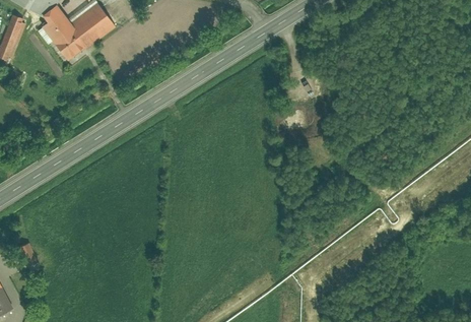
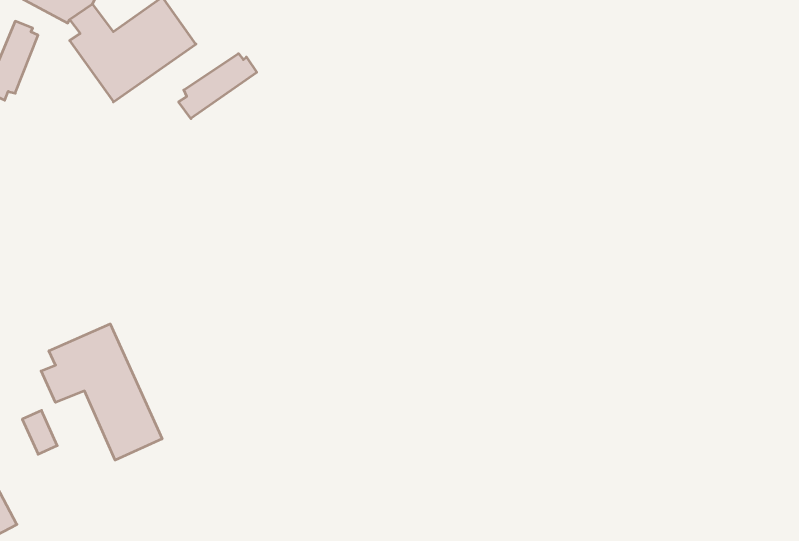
building: none -> [179,54,257,119]
building: none -> [41,324,162,460]

